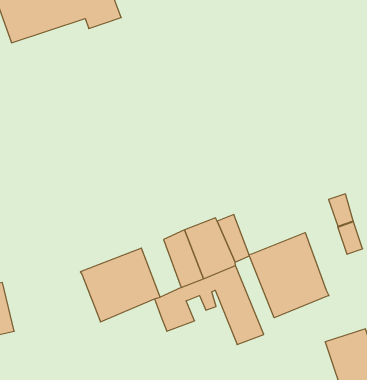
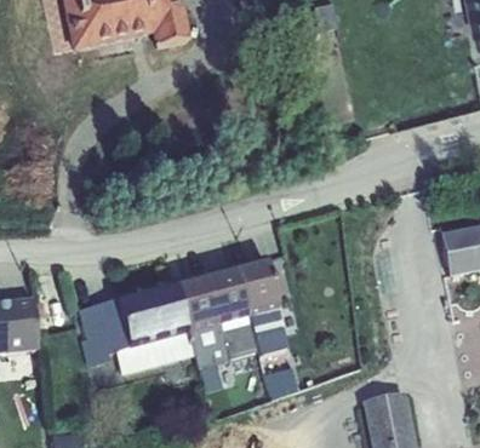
building: [249,233,329,318] -> none
building: none -> [183,274,219,333]
building: none -> [78,299,195,374]

